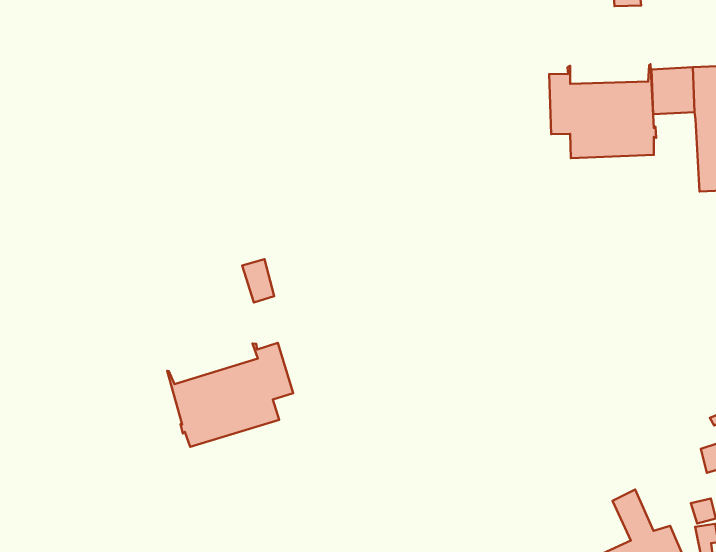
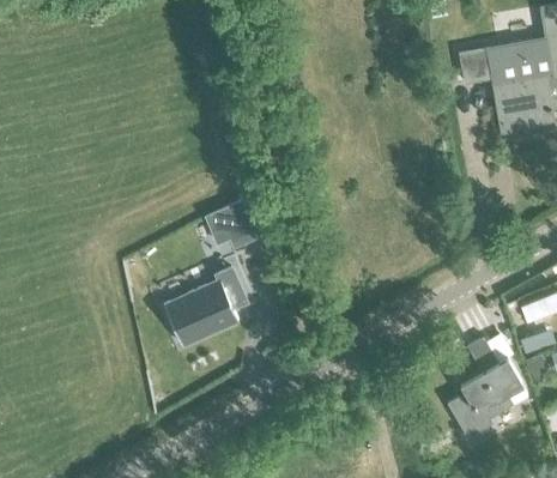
building: [549,64,656,158] -> none
building: none -> [219,198,267,249]

